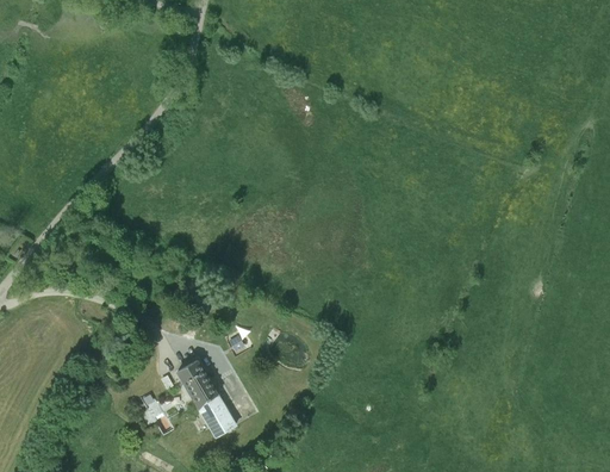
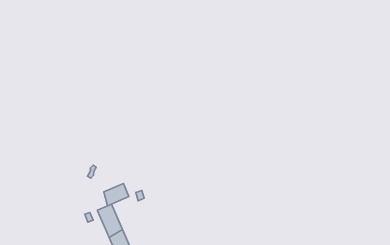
building: none -> [104,183,129,206]

